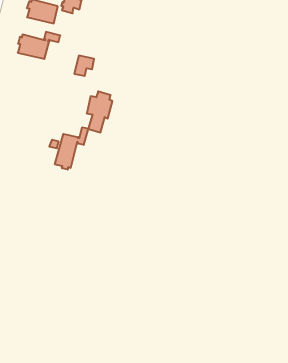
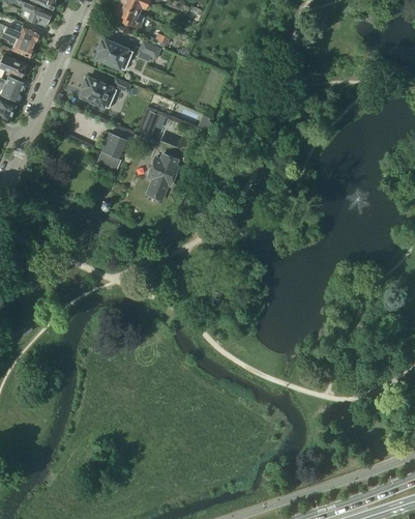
building: none -> [98,134,128,169]
building: [55,127,88,170] -> none

